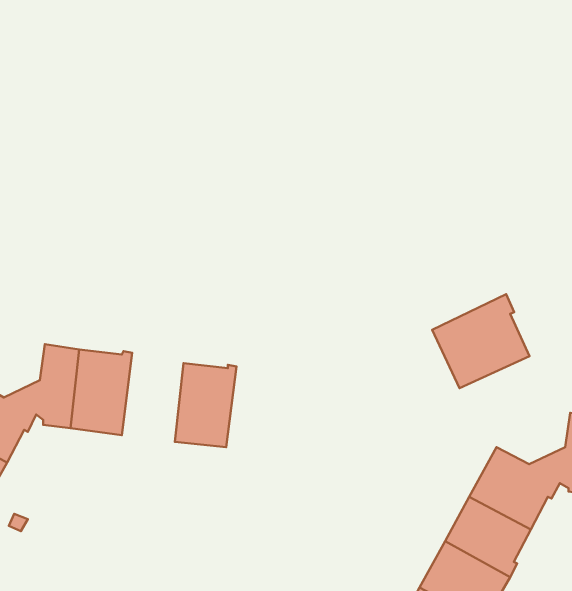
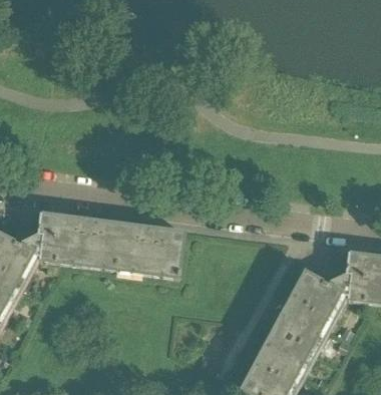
building: [432,294,529,388] -> none
building: none -> [84,221,120,273]
building: none -> [145,229,183,281]

